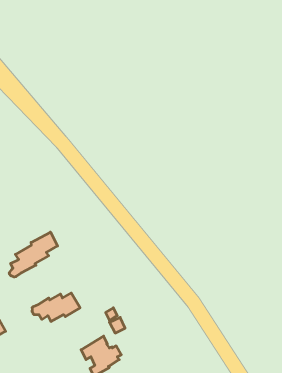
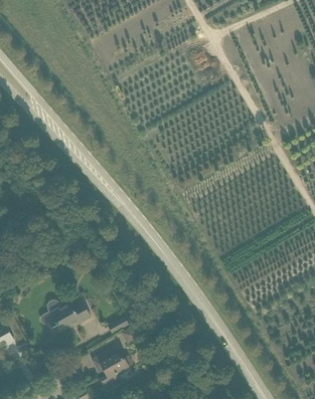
building: [9,232,58,277] -> none

